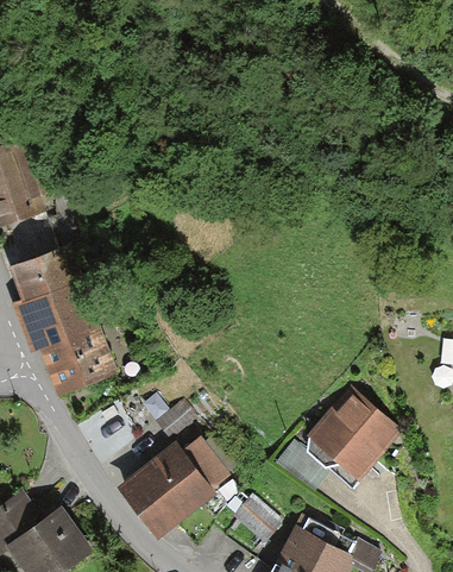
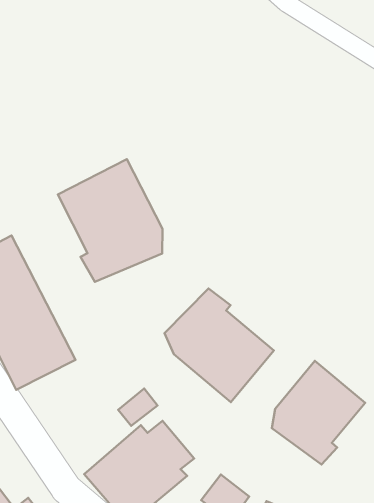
building: none -> [58,159,163,282]
building: none -> [164,288,274,402]

